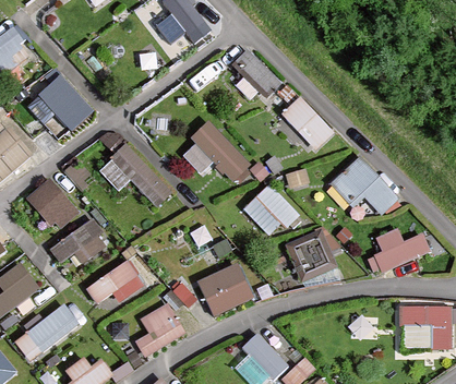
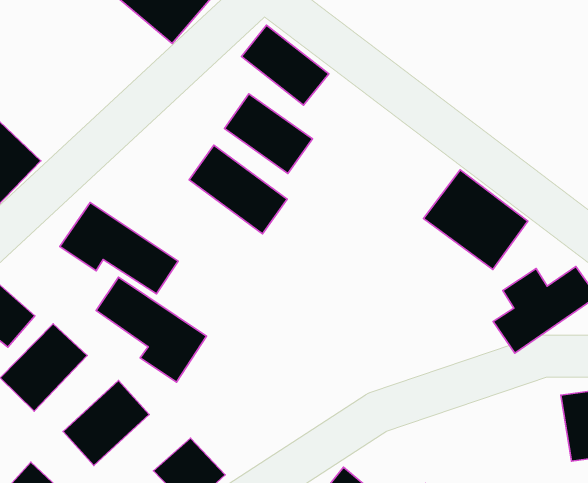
building: [277,95,332,148] -> [224,94,312,174]
building: [245,184,299,238] -> none
building: none -> [96,277,207,382]
building: [287,230,339,283] -> none
building: [195,262,250,314] -> none

